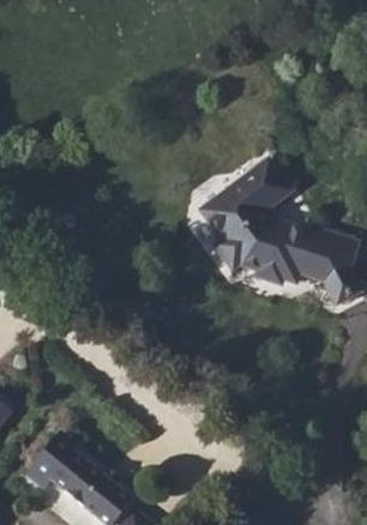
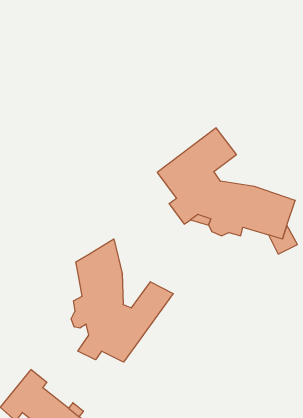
building: none -> [71,239,173,362]

